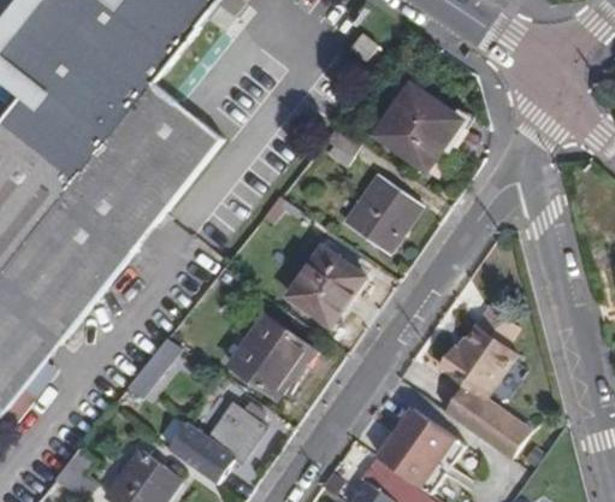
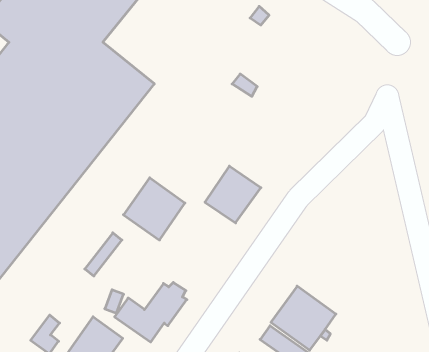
building: [374,83,461,170] -> none
building: [344,175,420,252] -> none
building: [440,311,527,459] -> none
building: [230,313,312,396] -> [123,178,185,240]

